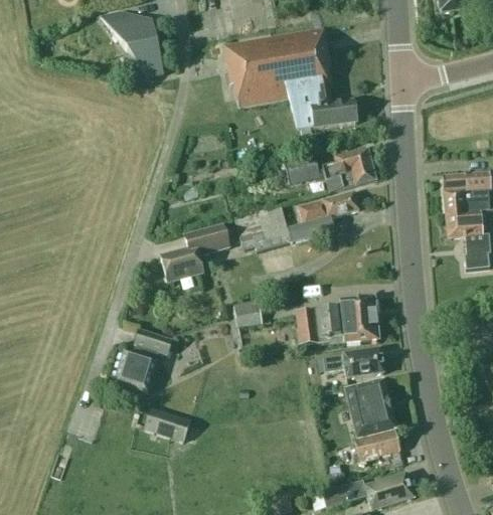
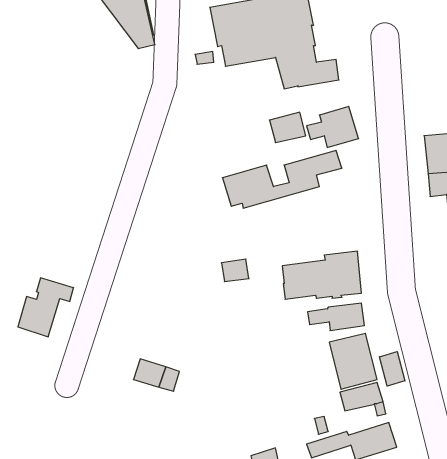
building: [159,222,229,280] -> none
building: [114,329,171,389] -> [18,278,74,337]
building: none -> [379,352,405,386]

